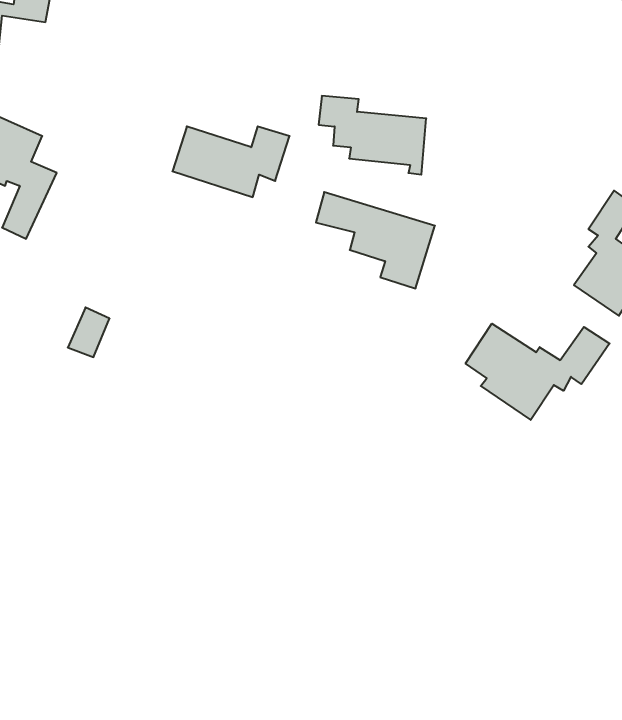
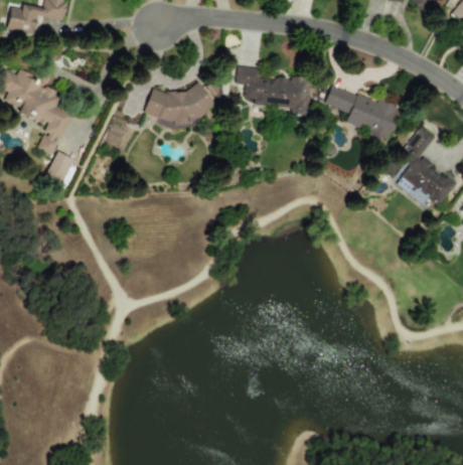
building: [316,192,435,288] -> [326,86,401,146]
building: [68,307,110,357] -> [46,151,72,182]
building: [466,324,610,420] -> none

